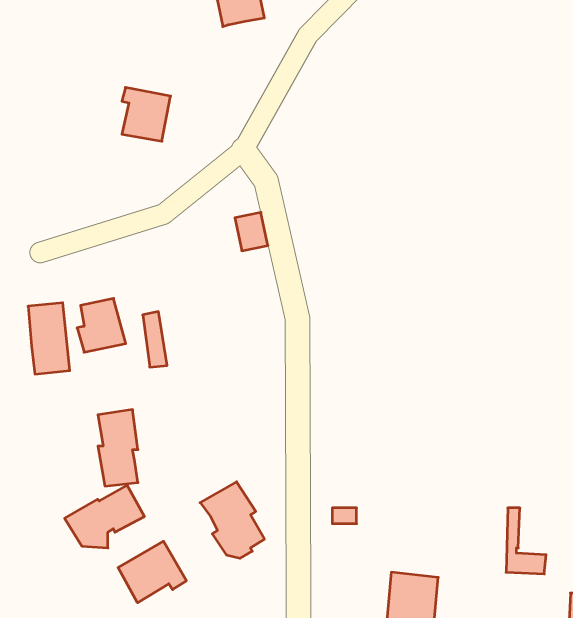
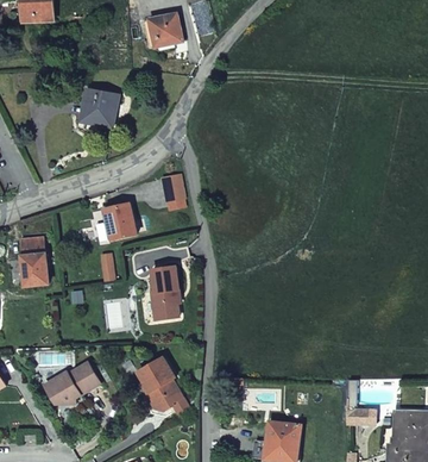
building: [77,298,126,352] -> [103,204,137,241]
building: [98,410,138,486] -> [151,267,178,319]
building: [118,541,186,603] -> none

